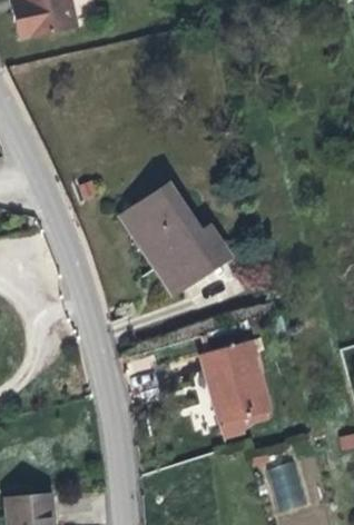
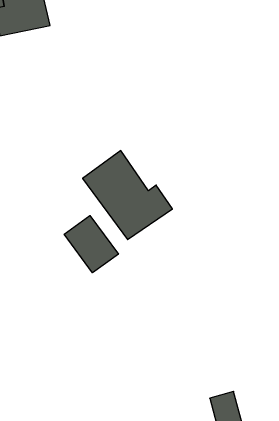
building: none -> [64,216,118,273]
building: [204,347,269,429] -> none

